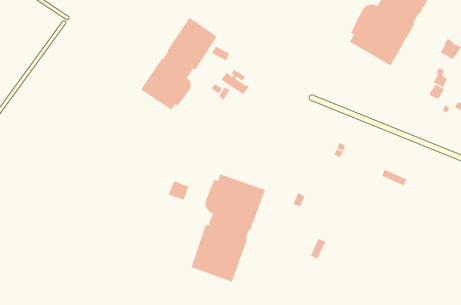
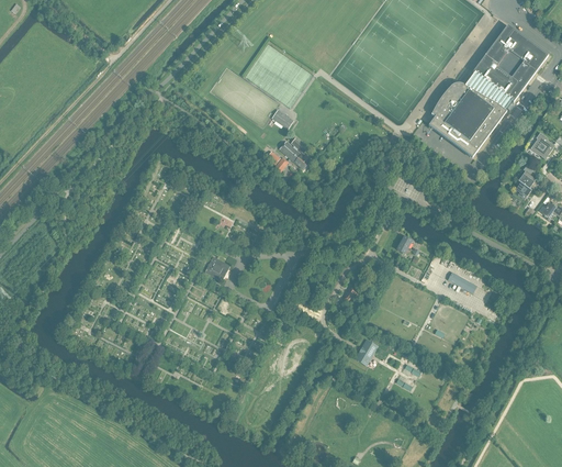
building: [140,17,218,110] -> none
building: [191,173,266,283] -> none

